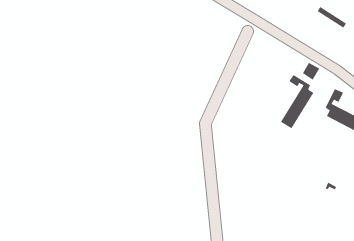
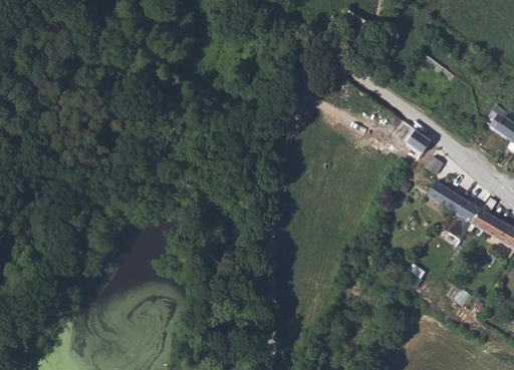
building: [280,74,314,129] -> none

